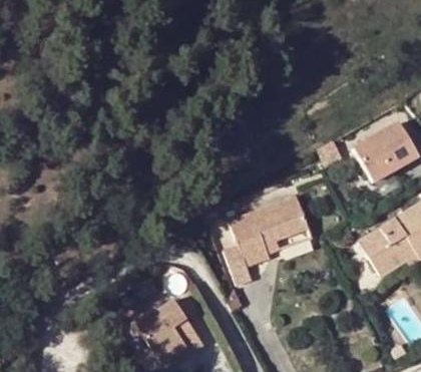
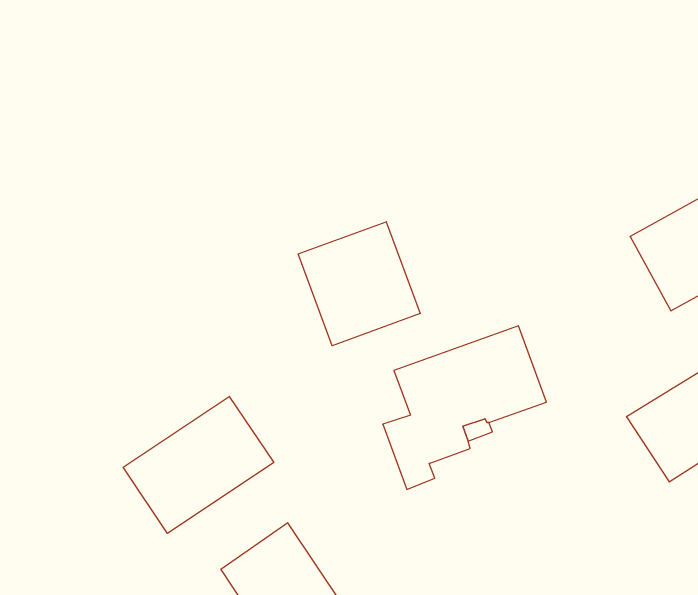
building: none -> [298,222,420,346]
building: none -> [123,396,274,533]

